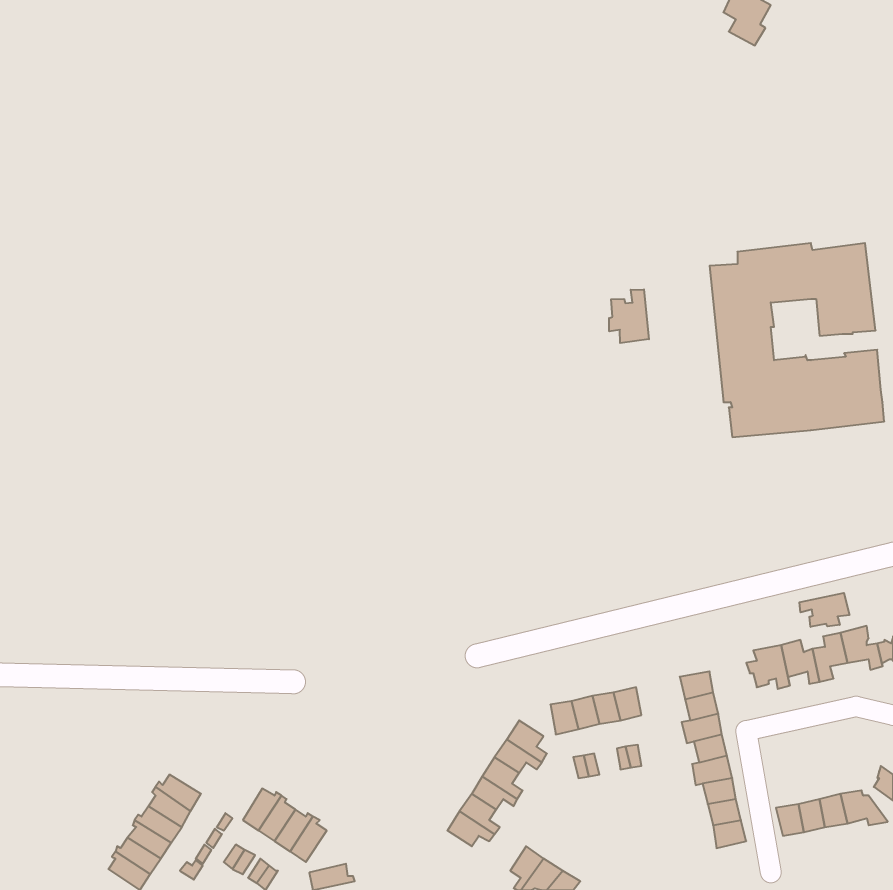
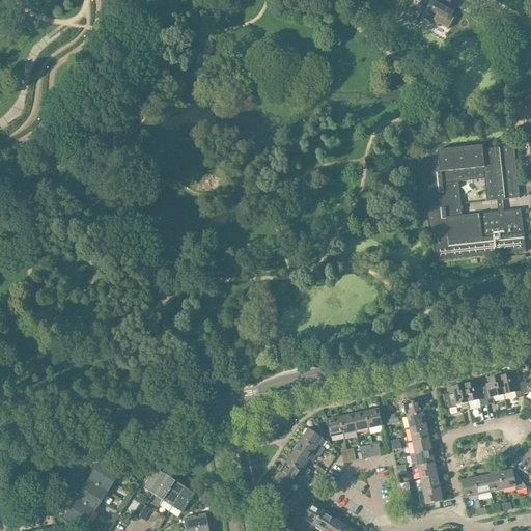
building: [609,289,649,343] -> none
building: [799,593,849,627] -> none

